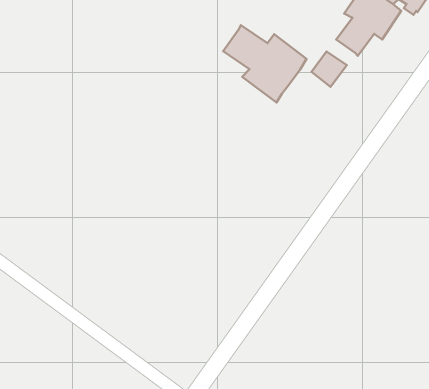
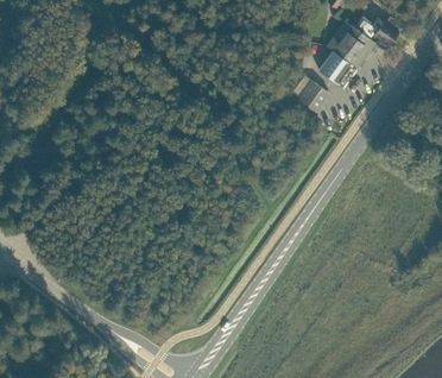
building: [223,25,306,102] -> none

